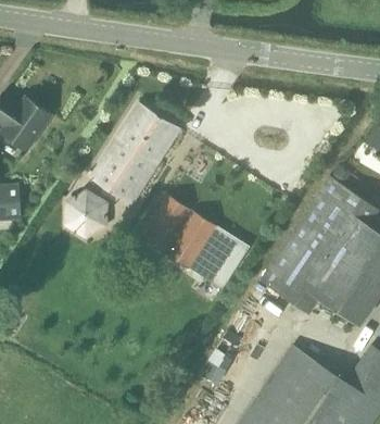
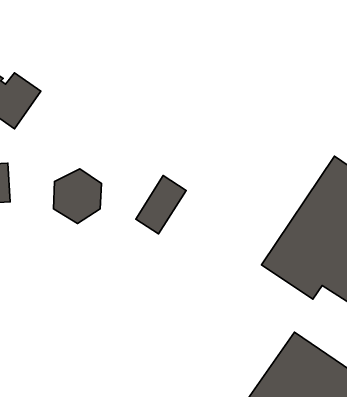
building: [88,103,179,203] -> none
building: [167,212,244,287] -> none

